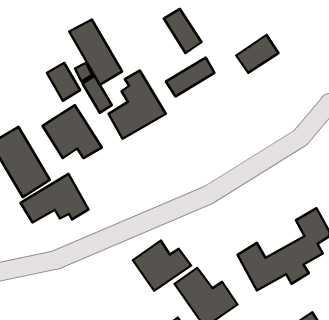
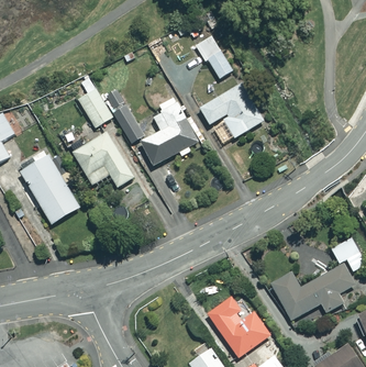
building: [69,19,122,85] -> none
building: [236,35,278,73] -> [222,101,265,140]
building: [20,174,88,222] -> none
building: [133,241,191,291] -> none

